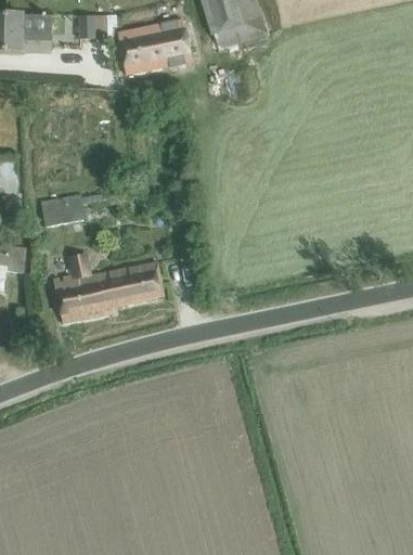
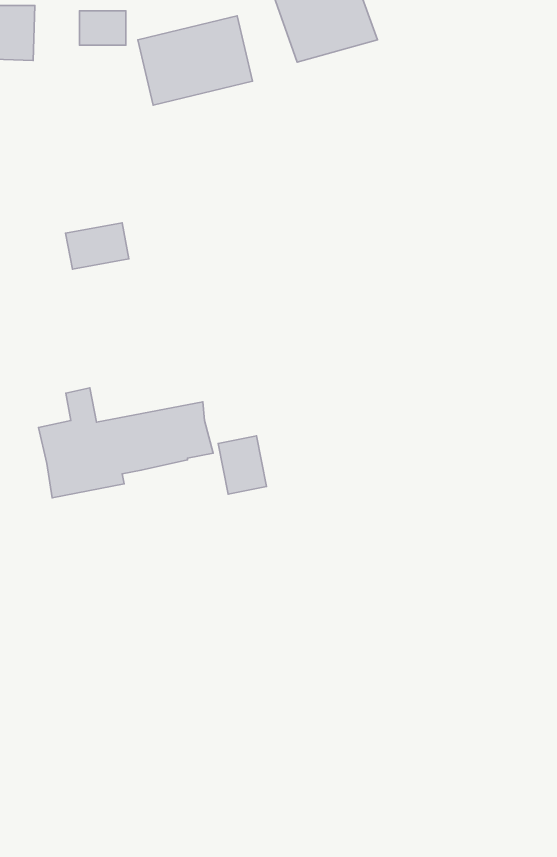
building: [42,199,82,229] -> [66,223,129,269]
building: none -> [218,436,266,494]

